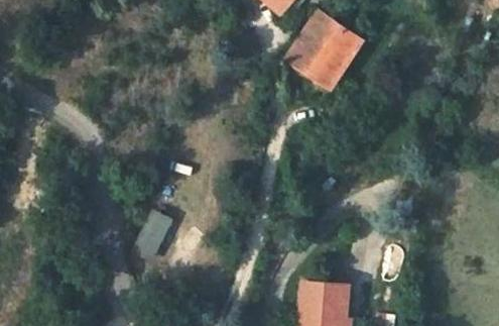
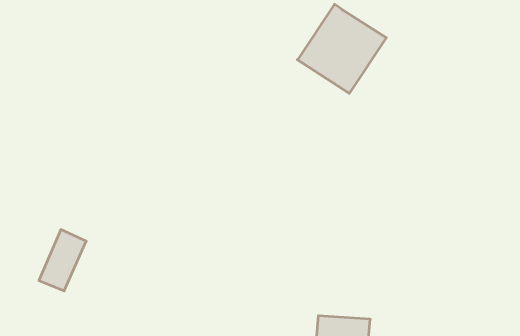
building: [128,206,169,259] -> [39,230,86,291]

